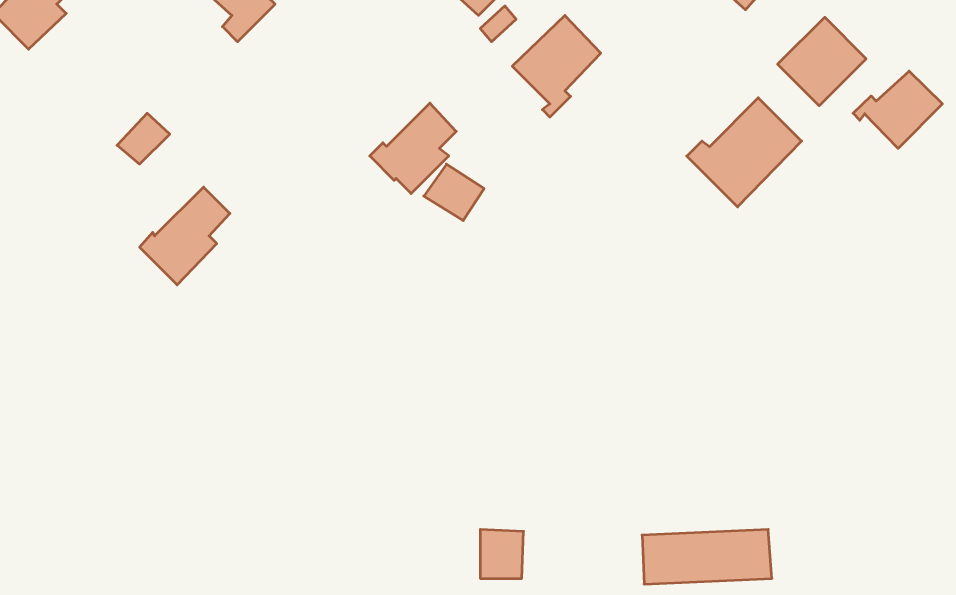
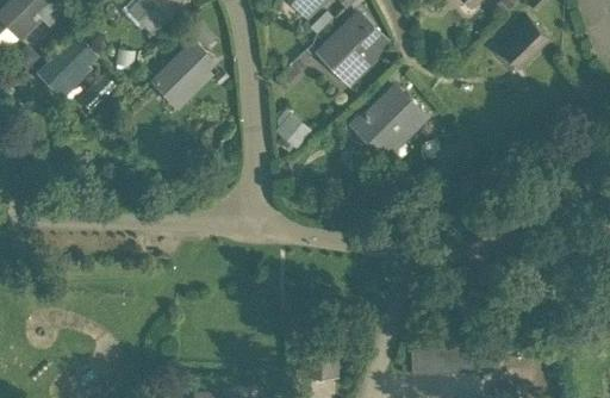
building: [853,71,942,148] -> none
building: [687,98,802,207] -> [350,89,423,158]
building: [370,103,456,194] -> [156,45,211,102]
building: [140,187,230,285] -> [37,36,94,98]

